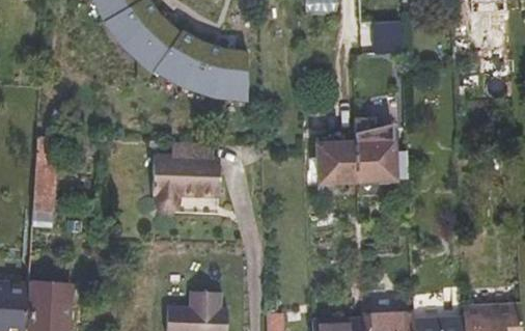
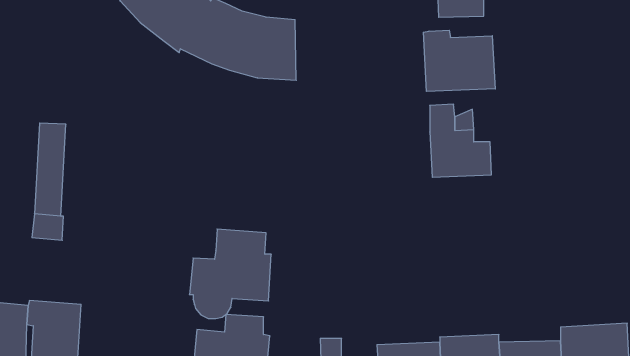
building: none -> [423,30,495,91]
building: [154,139,221,213] -> [189,229,271,319]
building: [321,143,360,183] -> none

